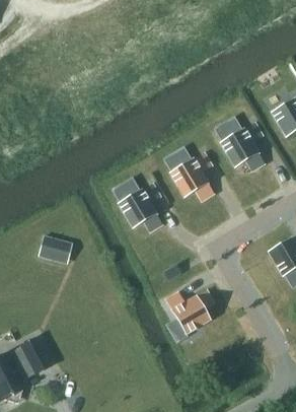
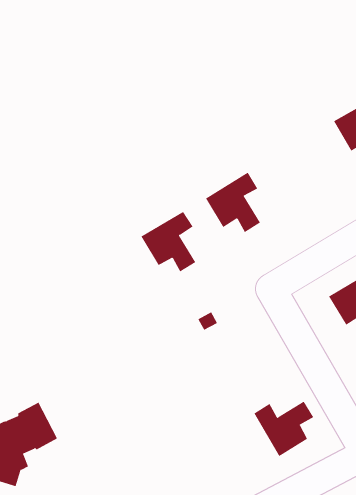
building: [220,122,264,170] -> none
building: [38,234,73,263] -> none
building: [165,289,214,334] -> [253,401,314,457]

